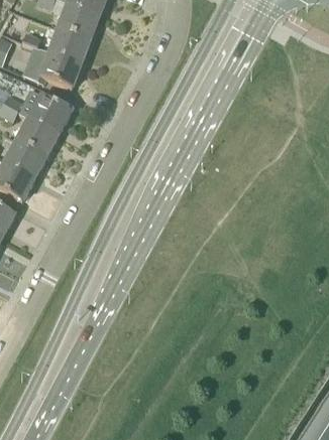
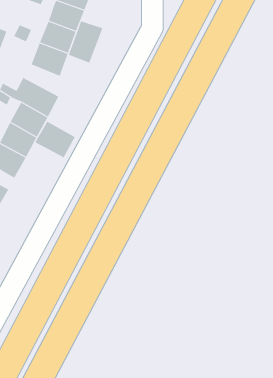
building: none -> [68,21,103,63]
building: none -> [35,121,76,158]

